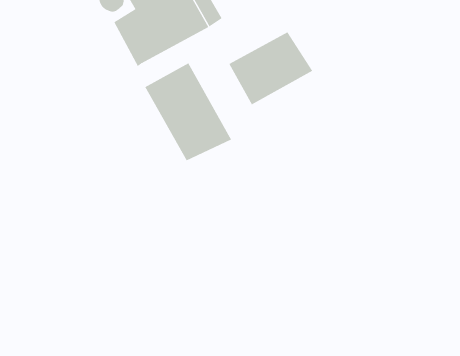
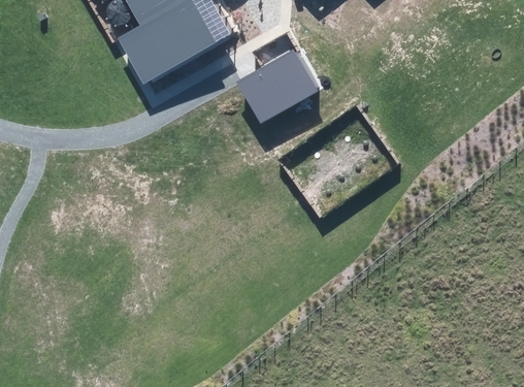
building: [144,62,232,161] -> none

